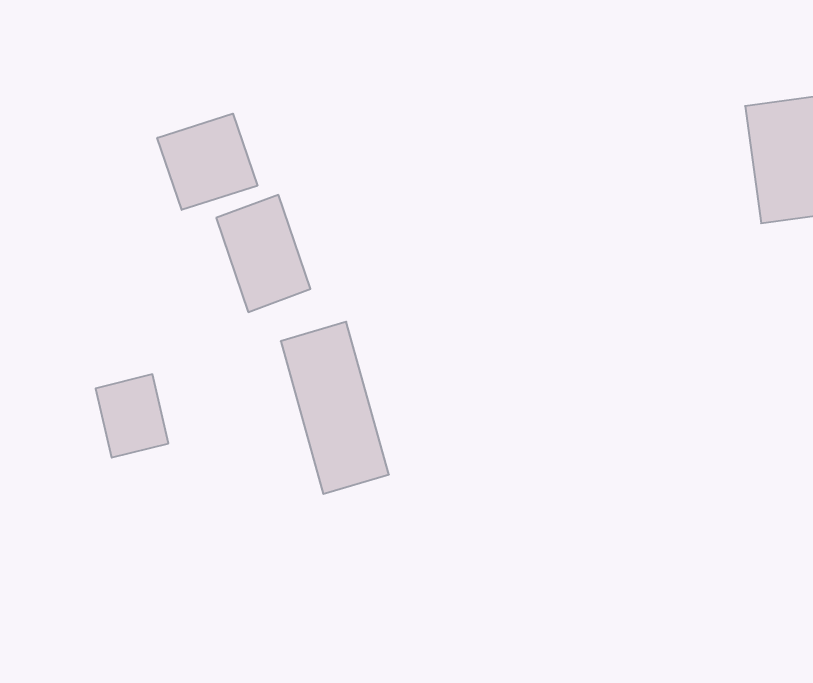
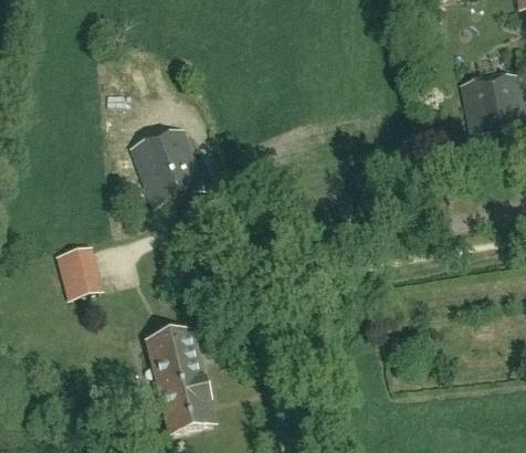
building: [157,114,257,210] -> none
building: [281,322,389,494] -> [144,324,211,431]

